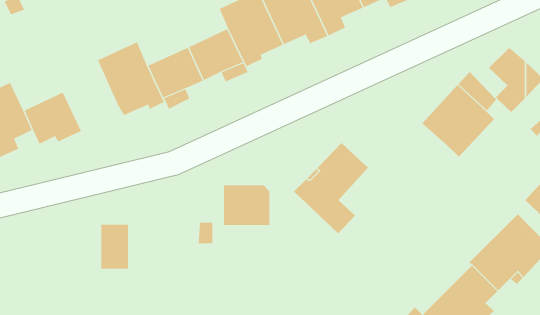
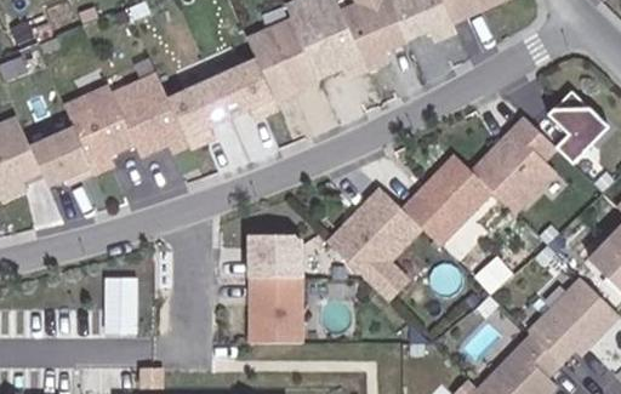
building: none -> [61,88,132,178]
building: none -> [401,154,495,246]
building: none -> [249,280,301,338]

